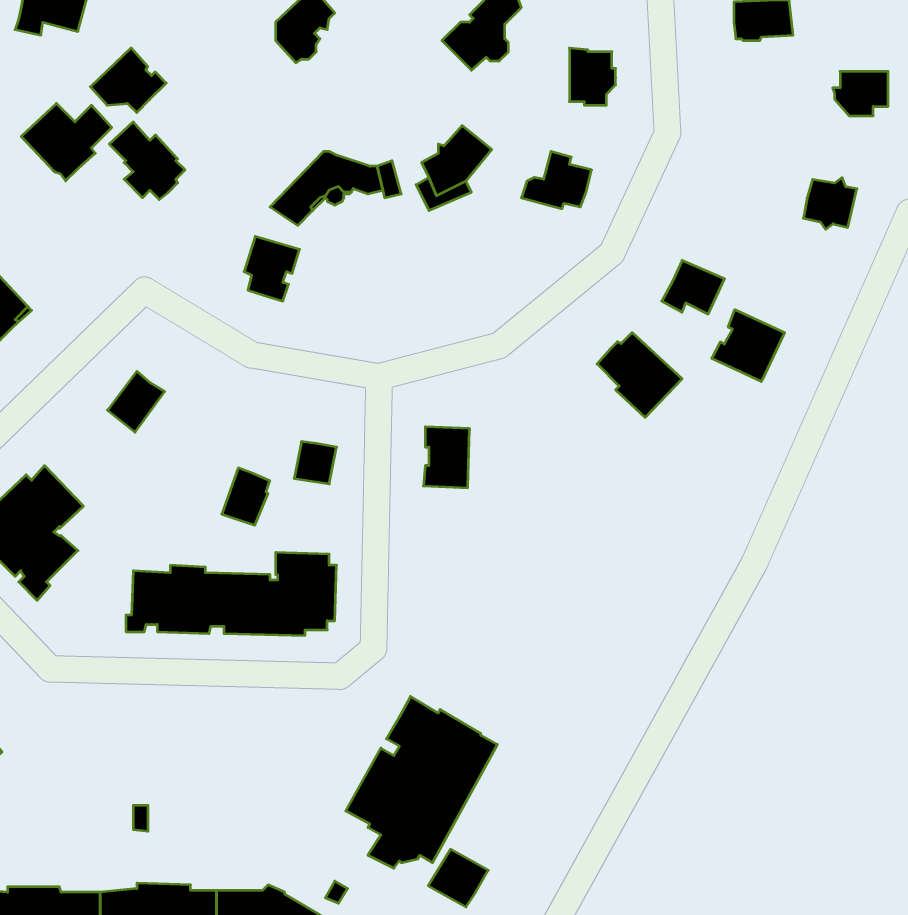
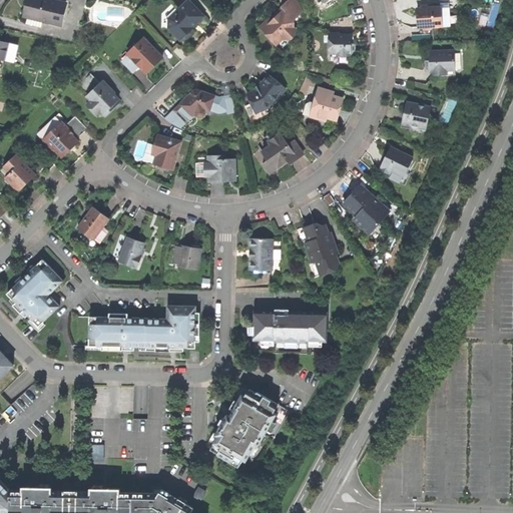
building: [90,48,166,113] -> [121,38,162,73]
building: [833,71,888,116] -> [424,51,454,75]
building: [21,103,112,181] -> [39,113,88,155]
building: [803,178,857,229] -> [401,101,430,129]
building: none -> [262,133,302,173]
building: none -> [196,155,235,181]
building: [712,310,785,382] -> none
building: none -> [296,223,337,278]
building: [222,468,270,525] -> [118,236,144,268]
building: none -> [254,310,331,354]
building: [428,849,488,907] -> none

